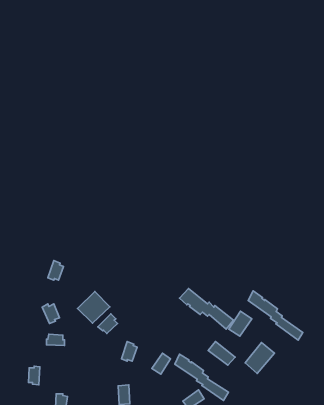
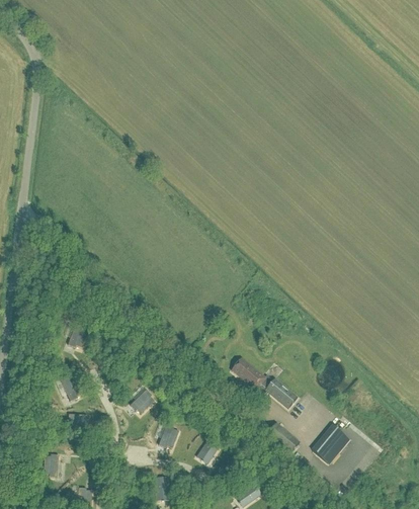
building: [248,291,303,340] -> none
building: [78,291,110,323] -> none
building: [229,311,252,336] -> none
building: [175,354,228,401] -> none

